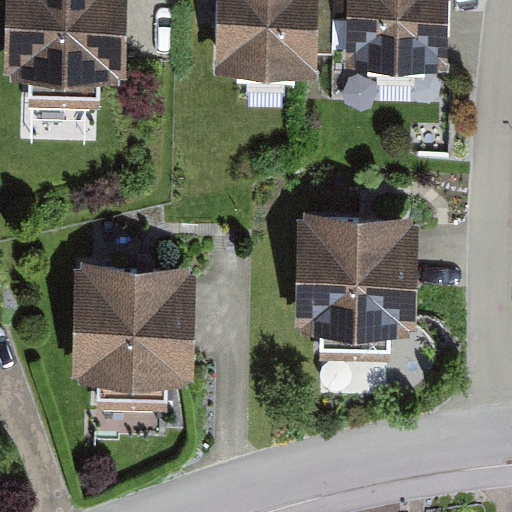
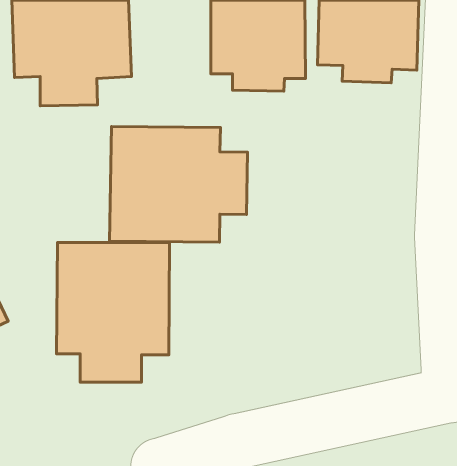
building: none -> [110,127,248,242]
building: [290,209,412,360] -> none

